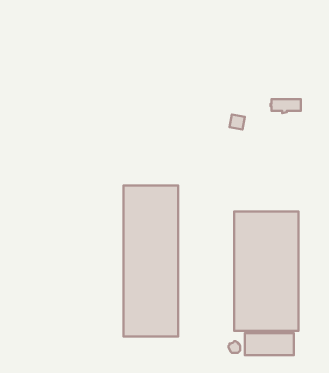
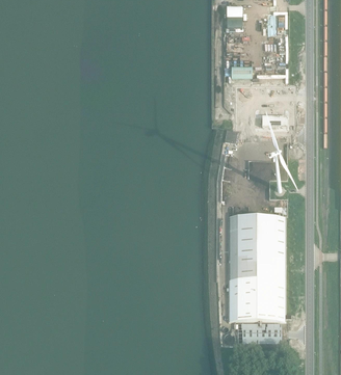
building: [124,186,178,336] -> none

